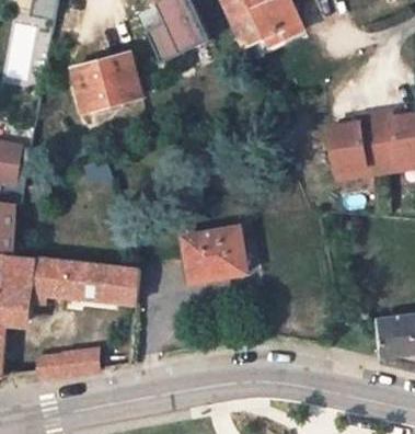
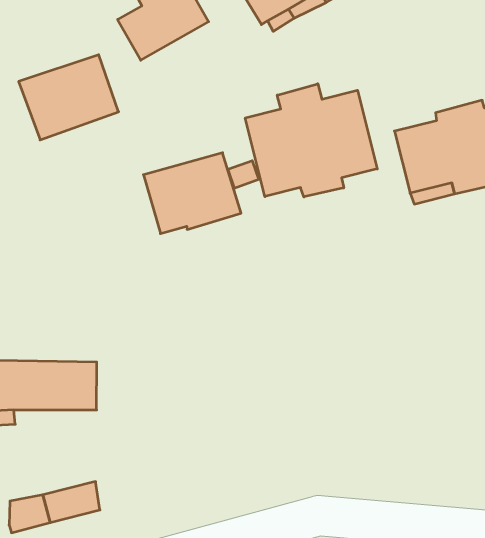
building: none -> [245,84,377,197]
building: [182,227,246,278] -> [143,153,241,234]
building: [104,266,138,300] -> none

